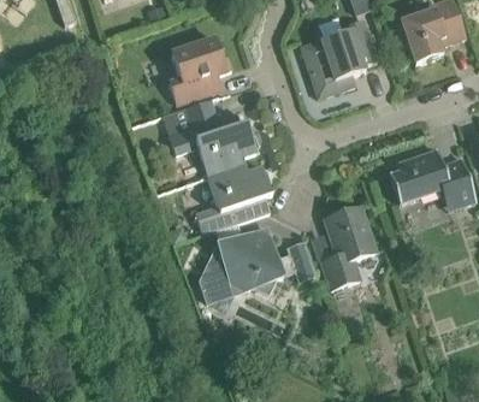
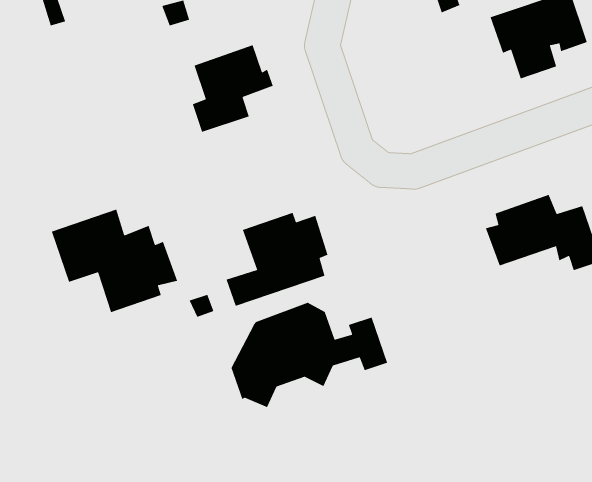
building: [302,18,378,96] -> none
building: [162,97,258,176] -> [51,209,178,313]
building: [321,206,377,289] -> none

